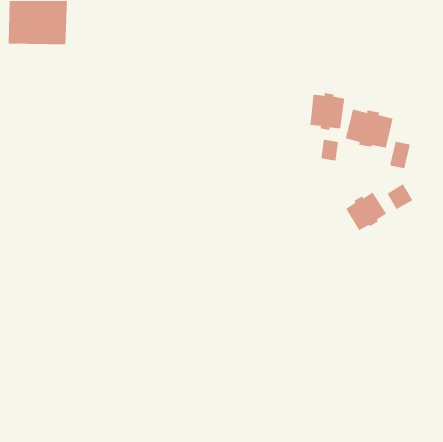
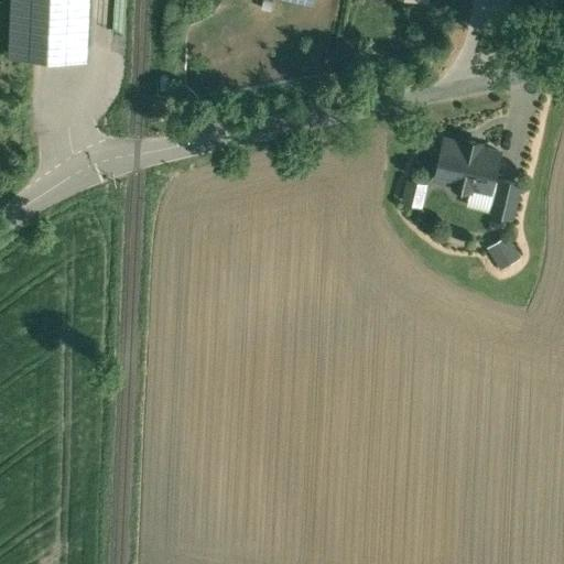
building: [310,92,345,131] -> none
building: [345,191,387,231] -> none

